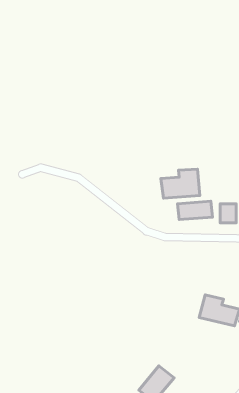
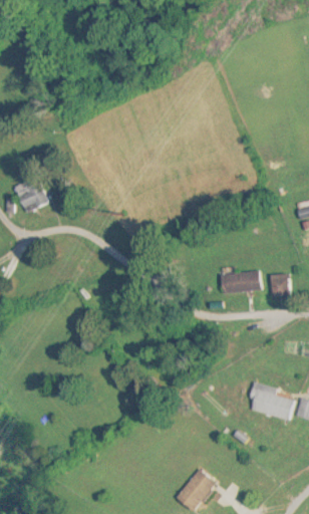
building: none -> [14,176,51,213]
building: [161,169,200,198] -> none

